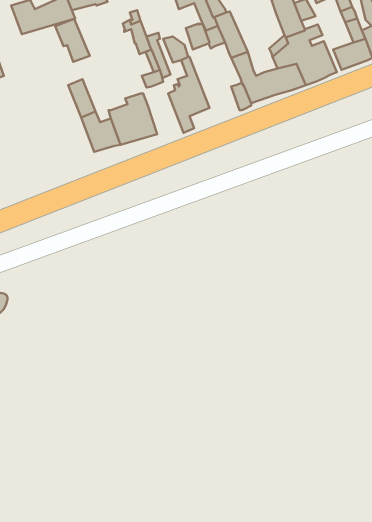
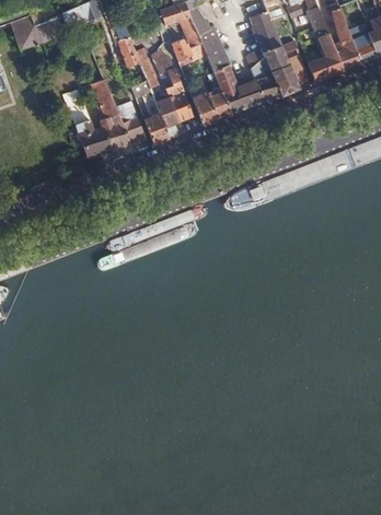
building: [55,19,90,62] -> [86,80,118,119]
building: none -> [193,93,221,127]
building: none -> [145,115,170,145]

